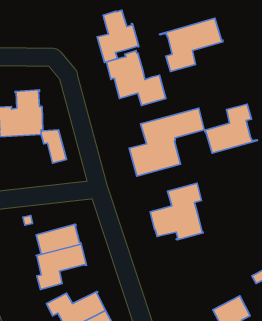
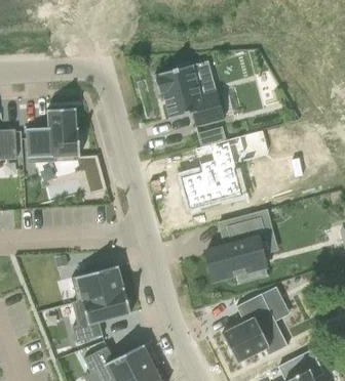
building: [97,10,139,63] -> none
building: [159,18,223,72] -> none
building: [205,104,258,153] -> none
building: none -> [222,293,289,363]

